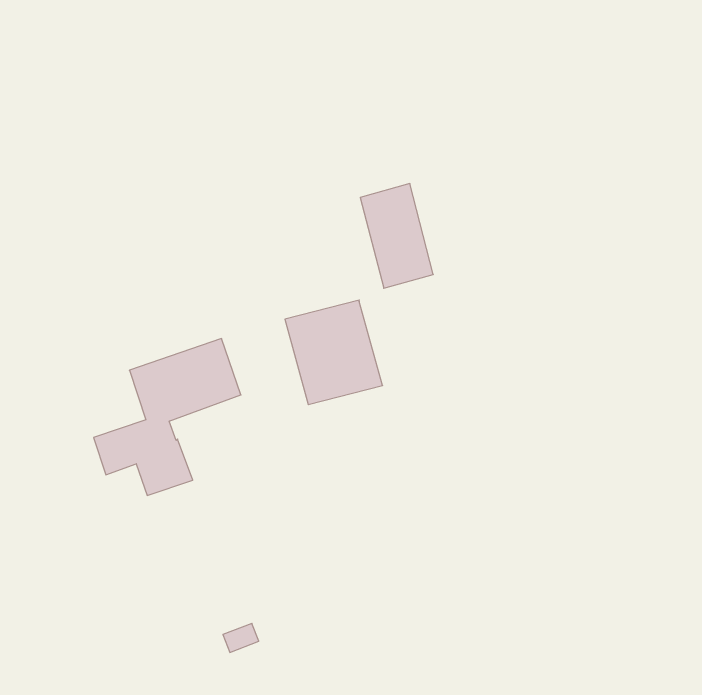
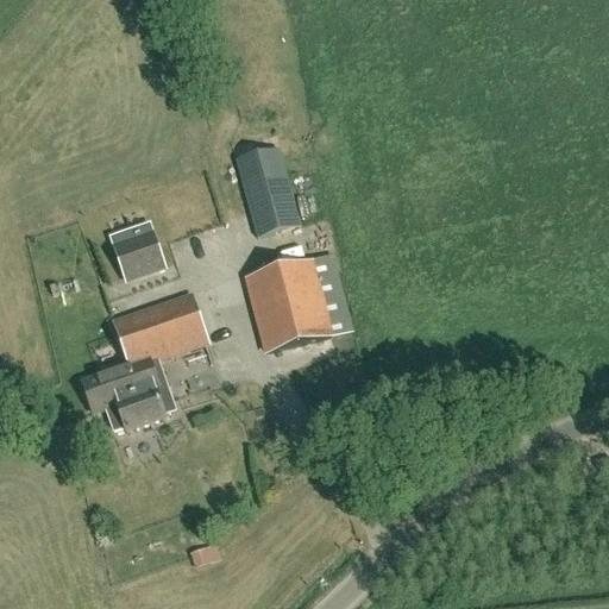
building: [360,184,433,288] -> [237,145,300,236]
building: none -> [109,220,163,276]

